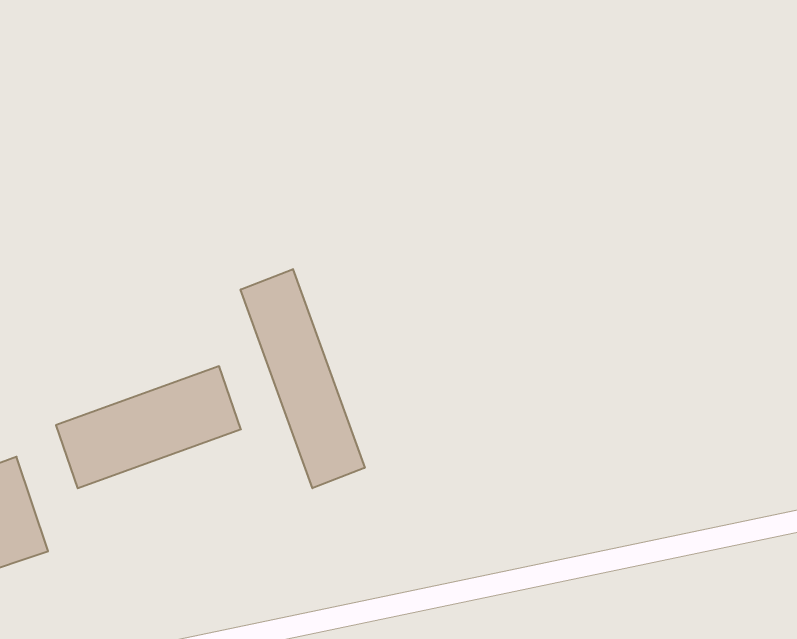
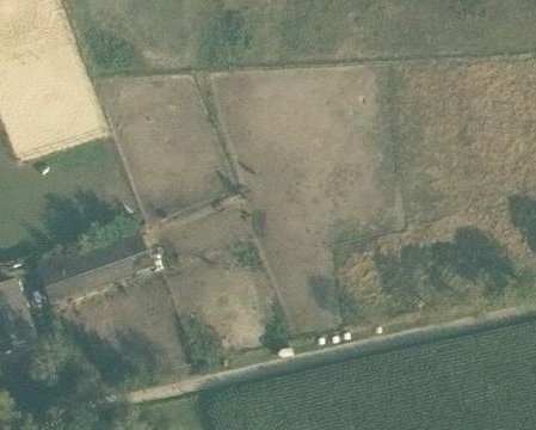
building: [241,269,365,488] -> none

